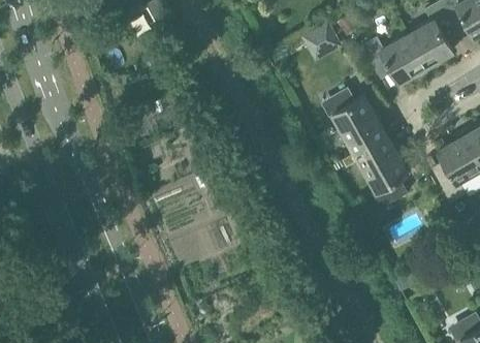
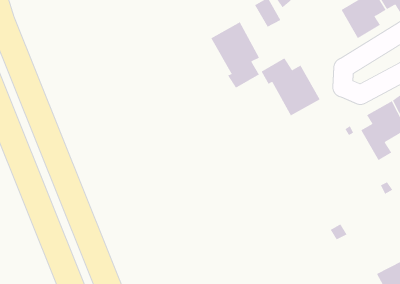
building: [361,34,427,83] -> none
building: [353,133,408,208] -> [210,21,260,89]

